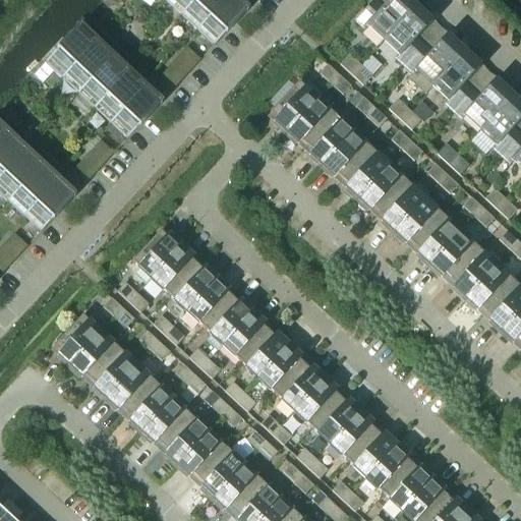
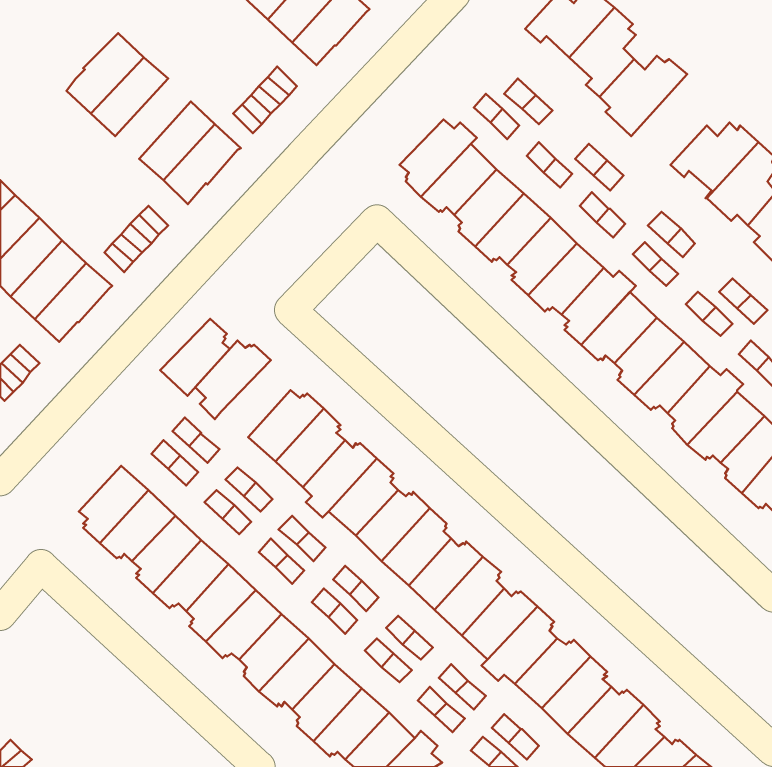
building: [425,50,476,111] -> none
building: [78,53,129,107] -> none
building: [150,242,196,294] -> [160,319,230,396]

